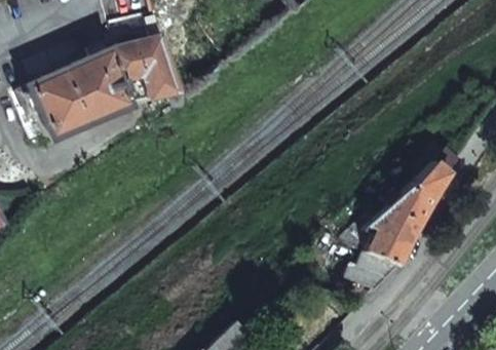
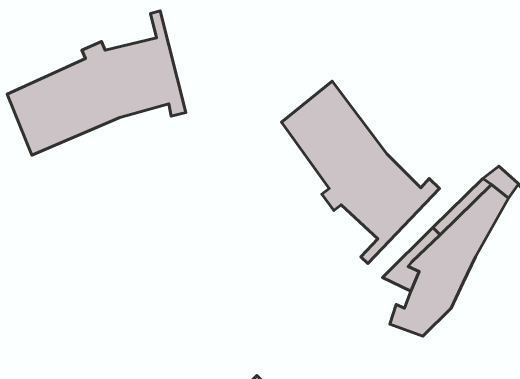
building: none -> [281,81,439,264]

